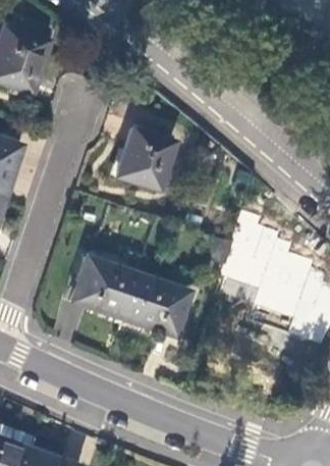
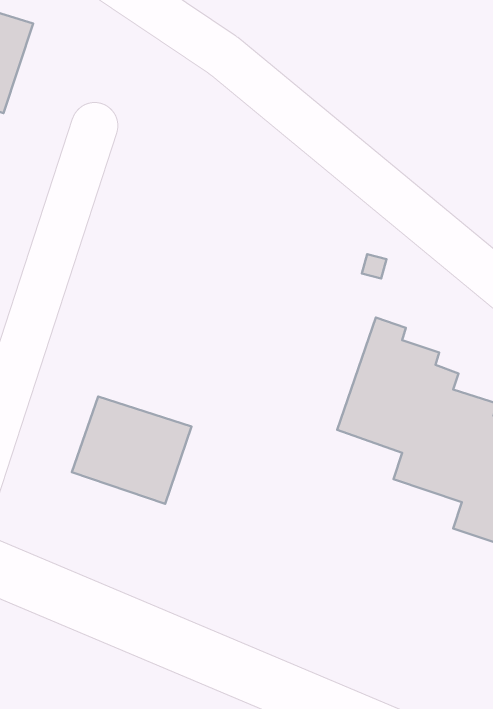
building: [116,126,175,191] -> none
building: [122,273,191,336] -> none

